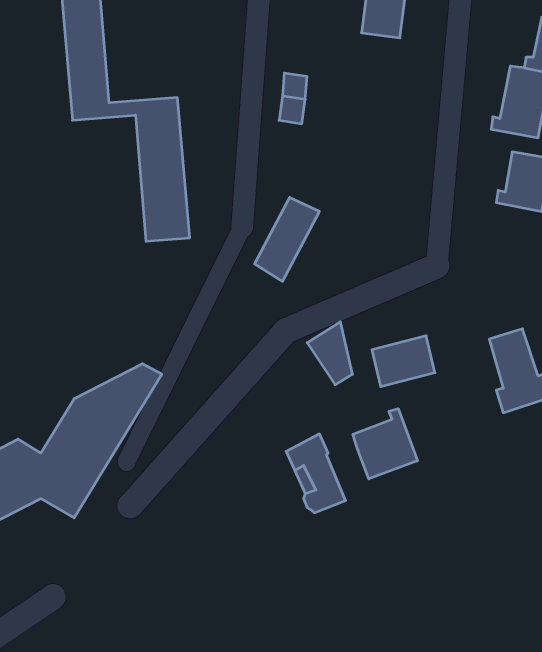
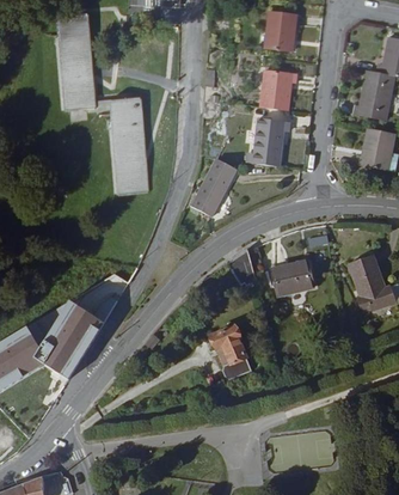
building: none -> [260,72,295,112]
building: none -> [251,121,288,169]
building: [353,409,417,479] -> none

